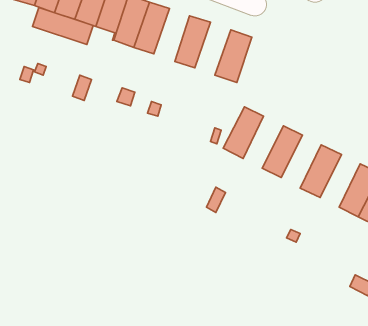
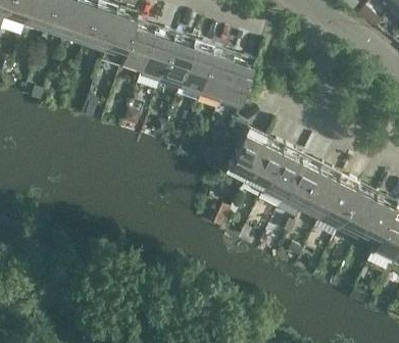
building: [32,7,93,45] -> none
building: none -> [159,36,194,87]
building: none -> [199,49,234,100]
building: none -> [246,140,285,190]
building: none -> [283,158,321,209]
building: none -> [320,177,359,228]

